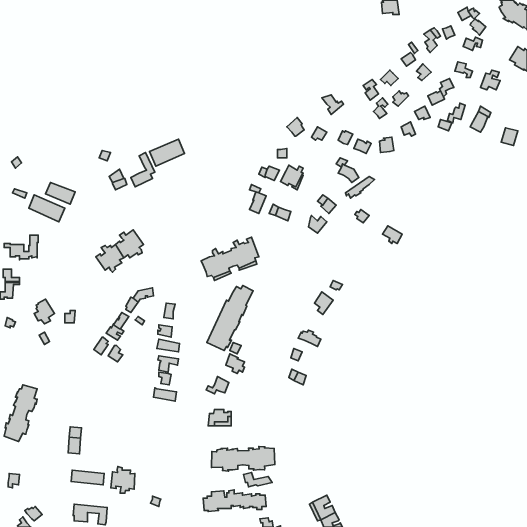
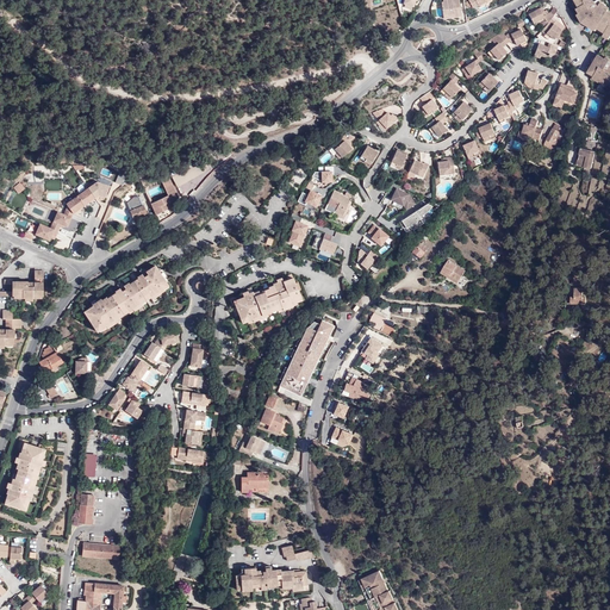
building: none -> [69,181,112,213]
building: none -> [83,297,122,330]
building: [207,286,253,351] -> [280,320,334,396]
building: [211,446,275,471] -> none
building: [111,467,135,493] -> none

